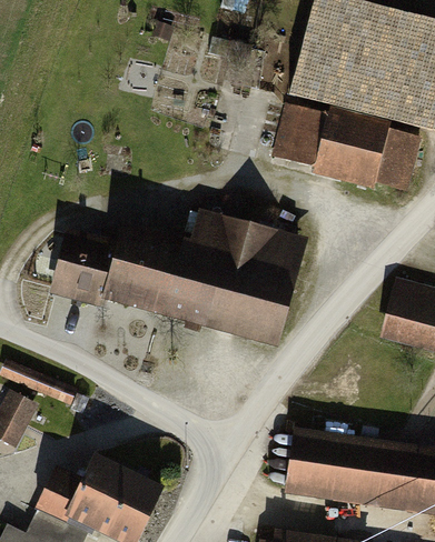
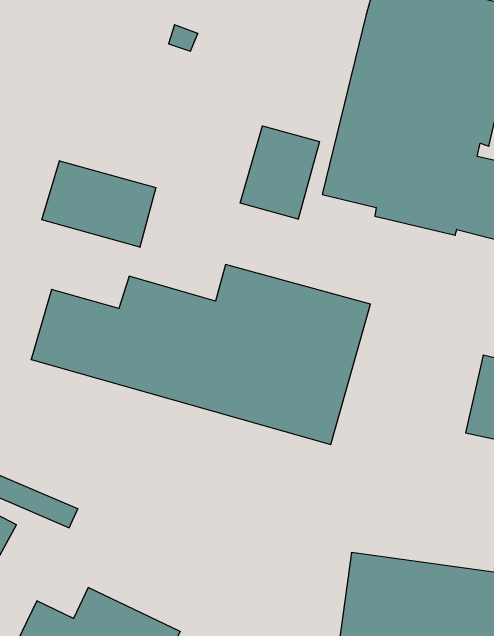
building: none -> [240,126,319,219]
building: none -> [42,161,156,247]

